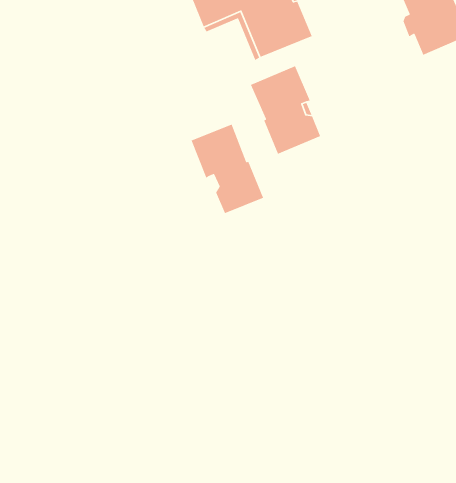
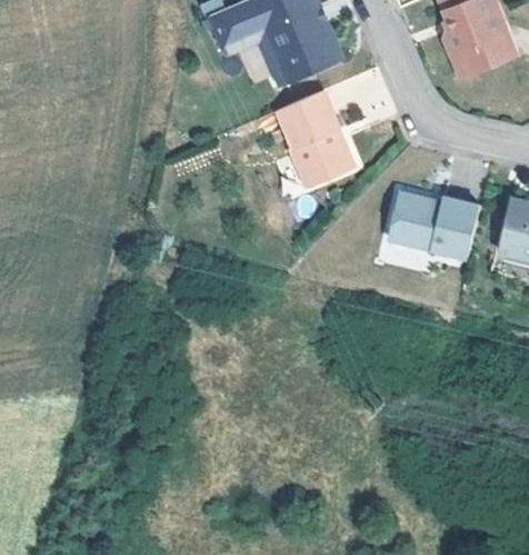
building: [190,123,264,214] -> none
building: none -> [390,192,481,257]

